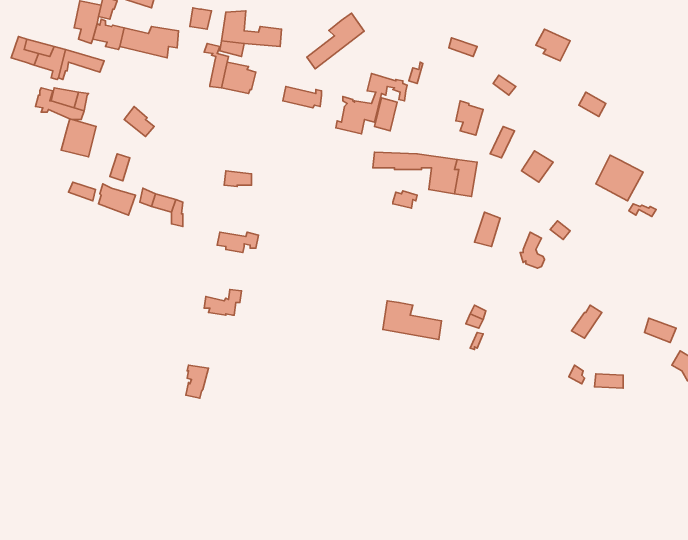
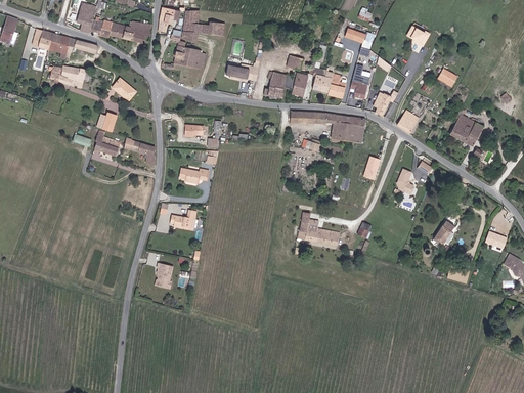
building: [307,13,364,69] -> none
building: none -> [312,74,346,96]
building: [61,119,96,157] -> none

